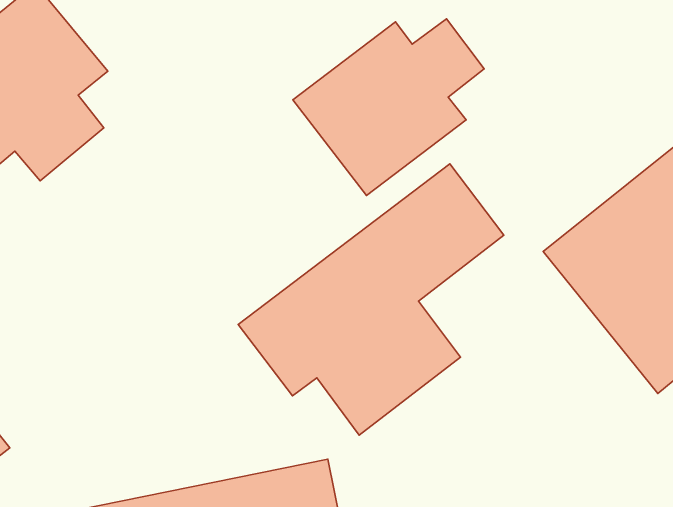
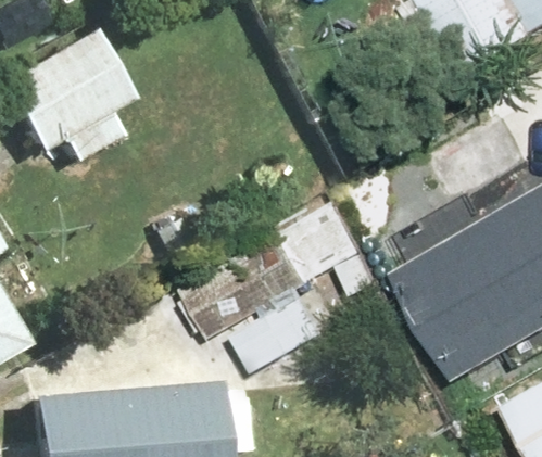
building: [293,19,484,195] -> none

